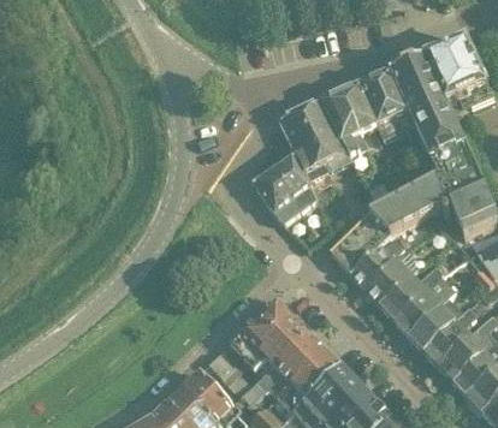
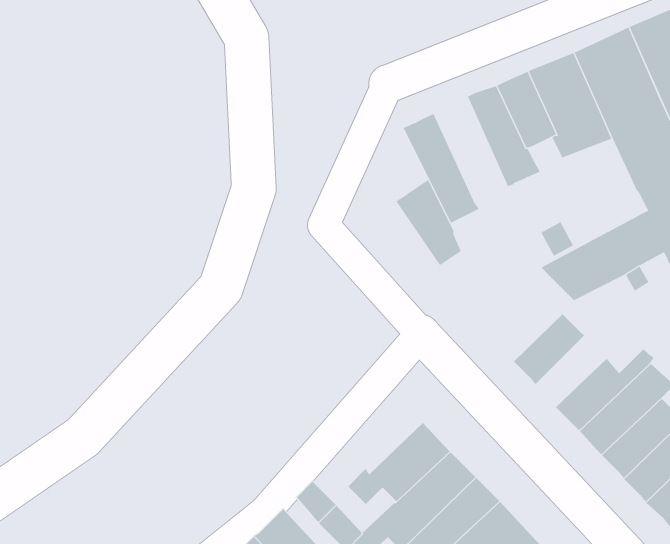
building: [297,99,345,167] -> none
building: [253,167,301,222] -> none
building: [328,212,389,272] -> none
building: [363,255,410,302] -> none
building: [227,296,290,353] -> none

